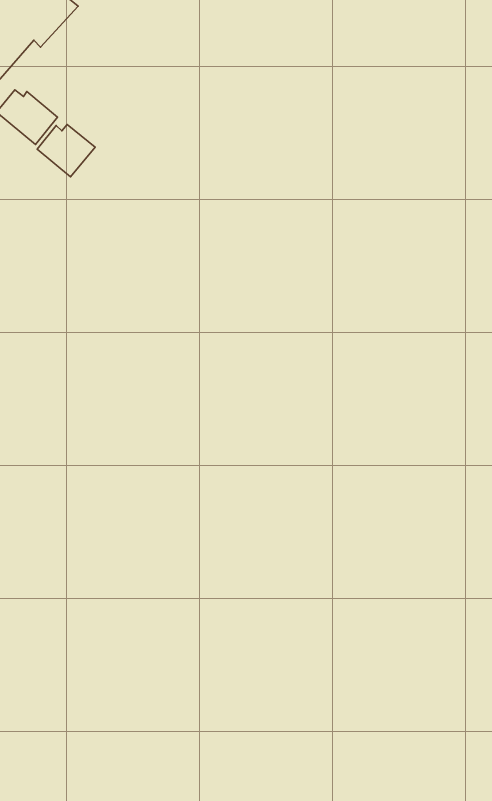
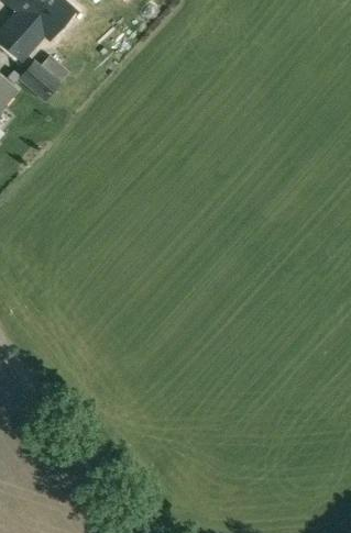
building: [37,124,95,177] -> none

